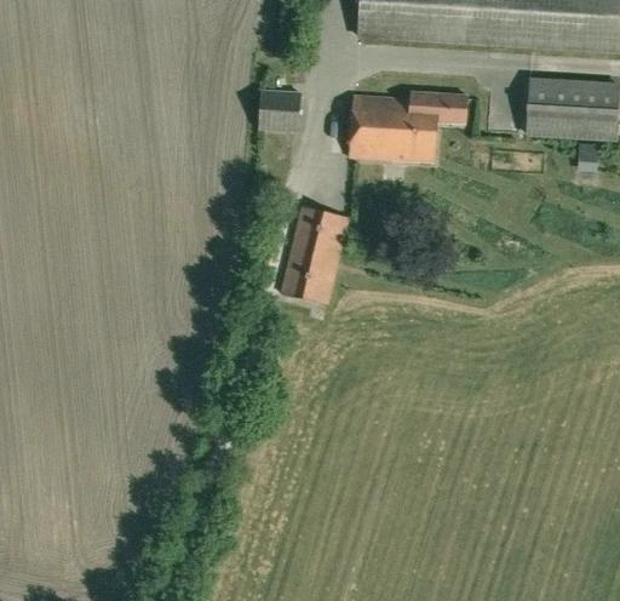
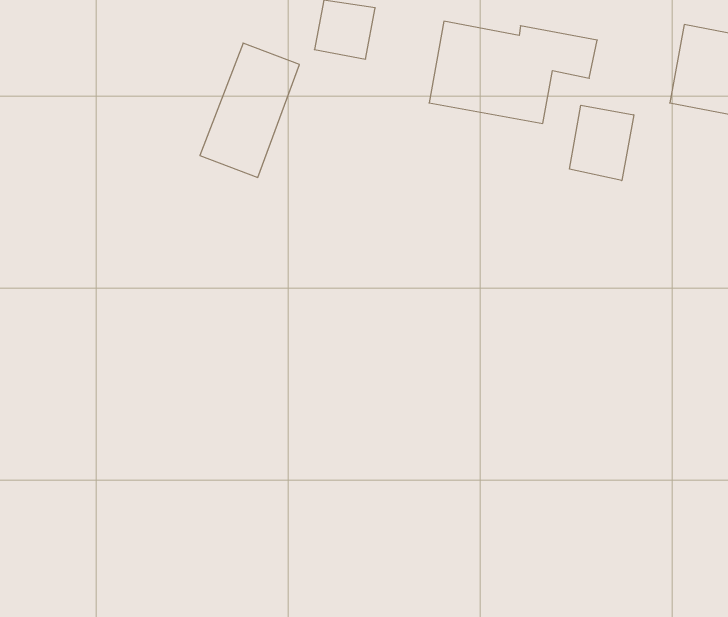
building: none -> [570,105,634,181]
building: [281,205,346,303] -> [200,43,299,177]

